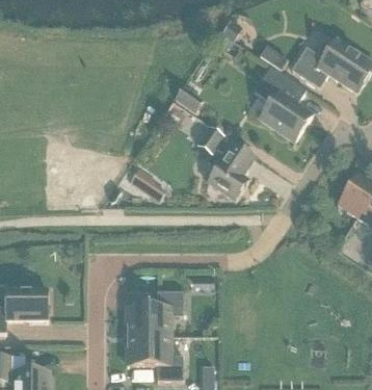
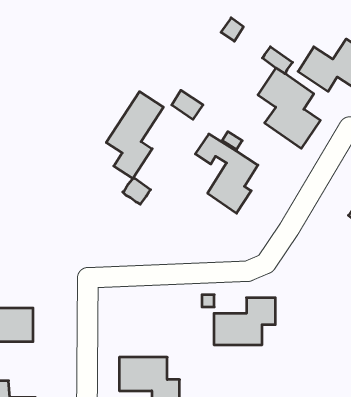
building: none -> [106,92,163,179]
building: [126,290,183,334] -> [214,298,275,345]

